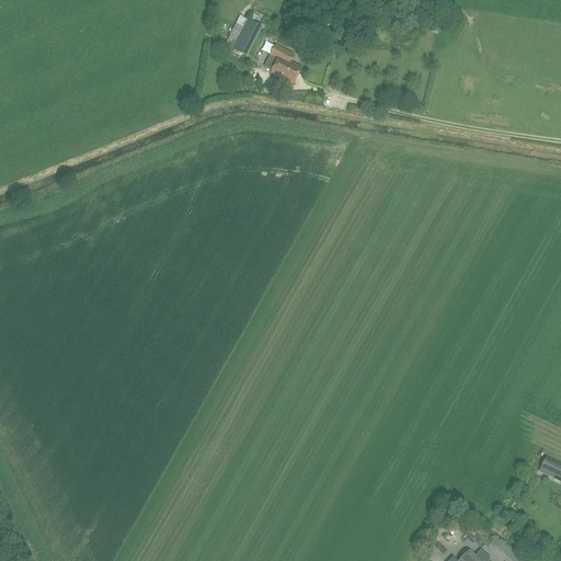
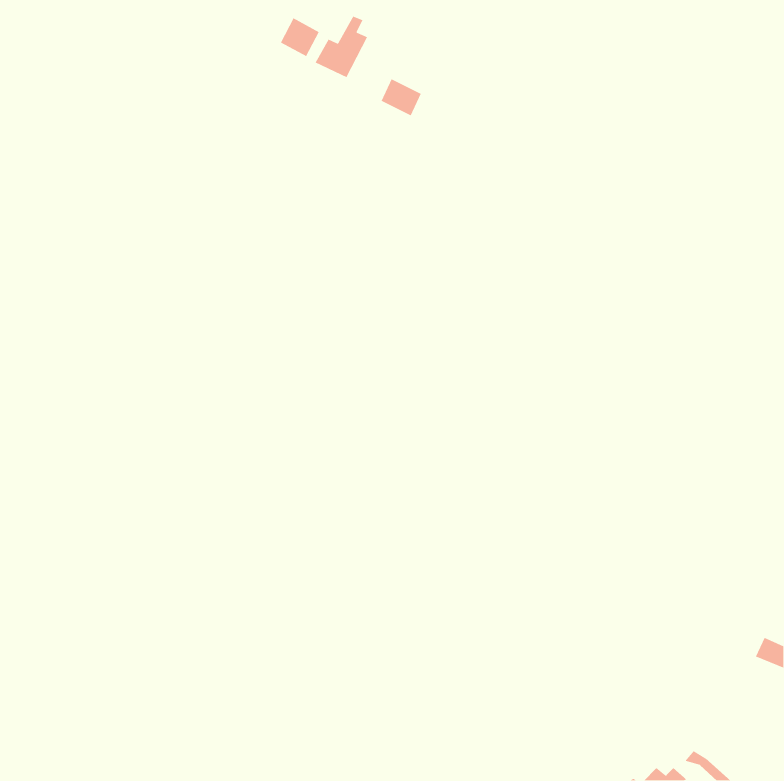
building: none -> [280,17,320,57]

